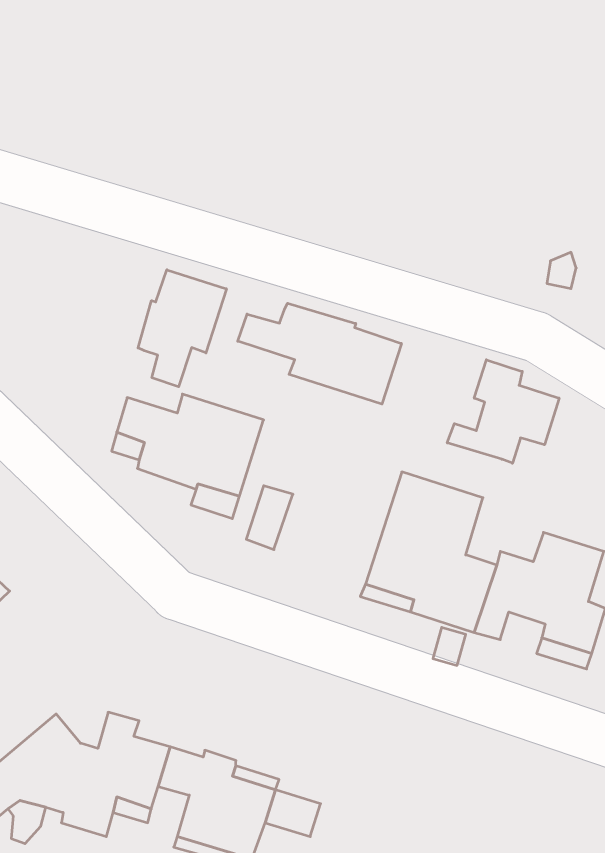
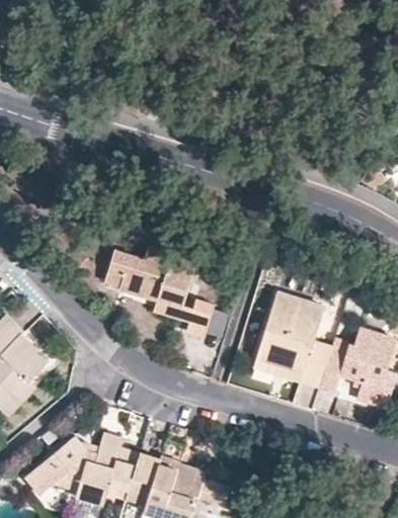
building: [138,270,226,387] -> none
building: [238,303,401,404] -> none
building: [447,360,559,463] -> none

